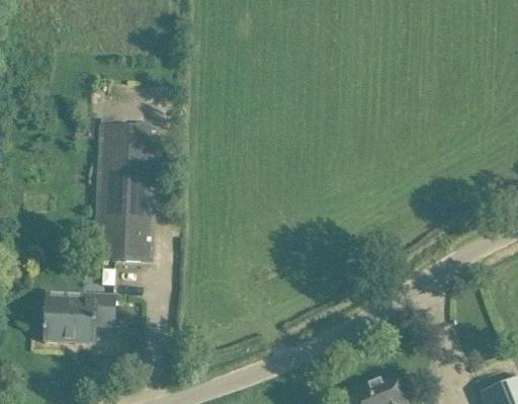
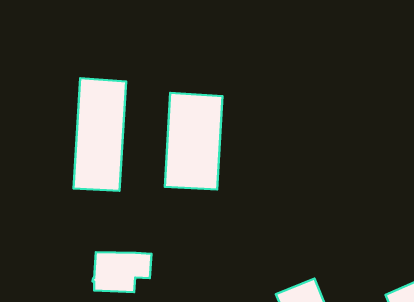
building: none -> [165,93,223,189]
building: [42,292,115,341] -> [92,252,151,292]

